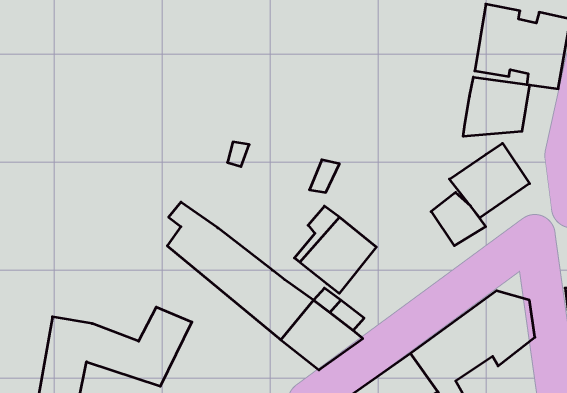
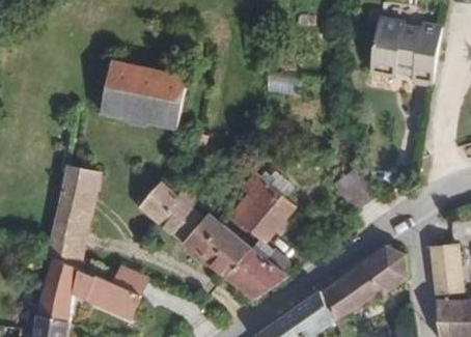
building: none -> [99,62,185,127]
building: [463,77,530,136] -> none
building: [449,143,530,218] -> none
building: none -> [49,169,99,266]

